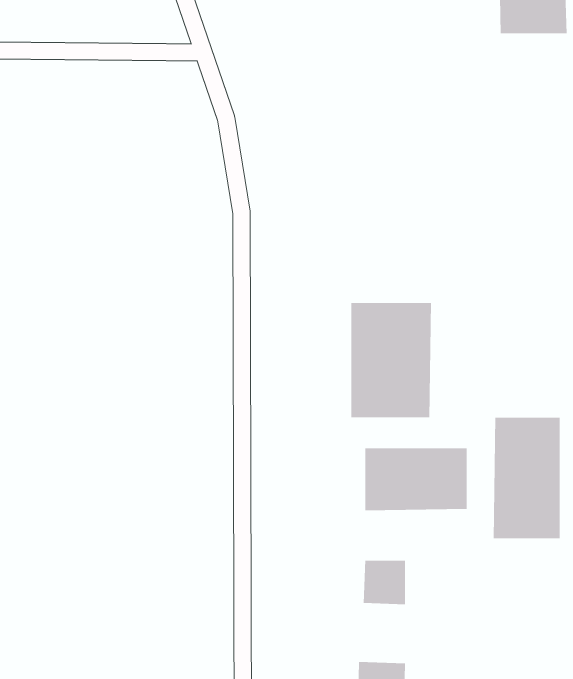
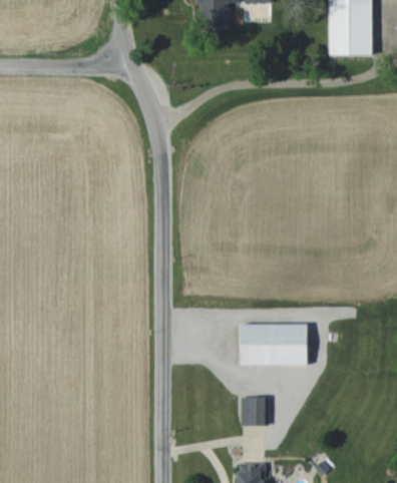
building: [351,302,432,418] -> none
building: [493,417,560,539] -> none

